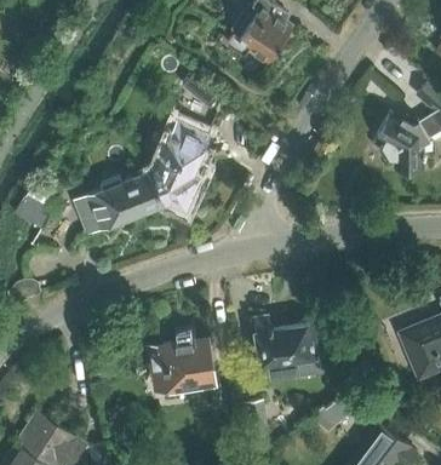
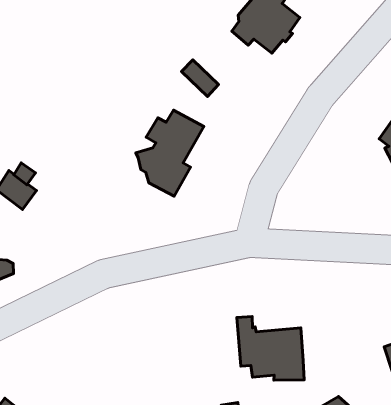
building: [87,172,161,229] -> none
building: [147,338,216,395] -> none

